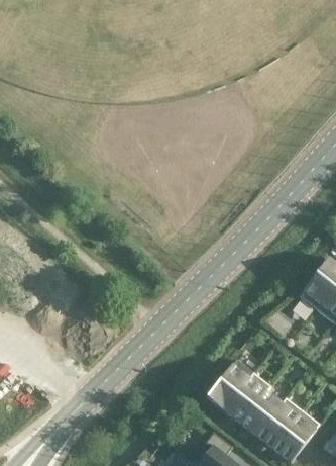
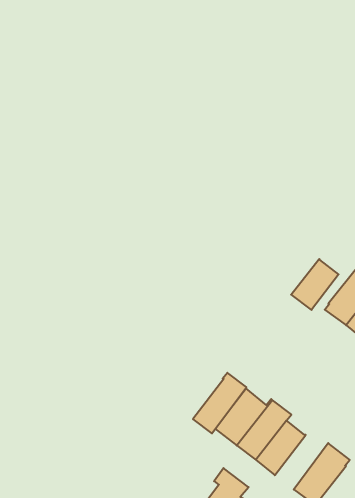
building: none -> [291,259,339,310]
building: [257,398,303,450] -> [193,373,246,433]

